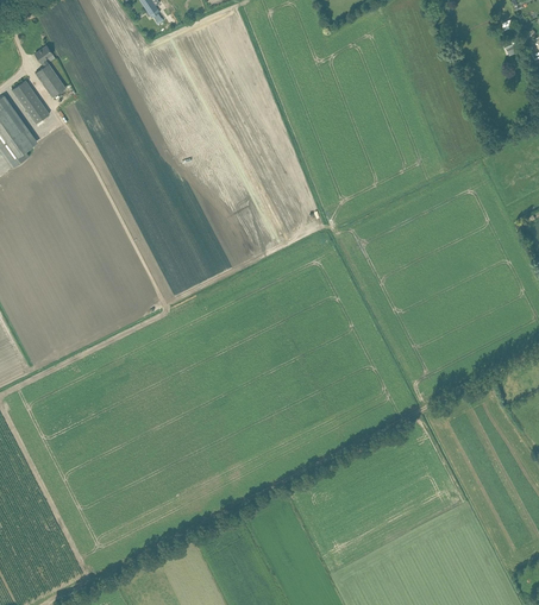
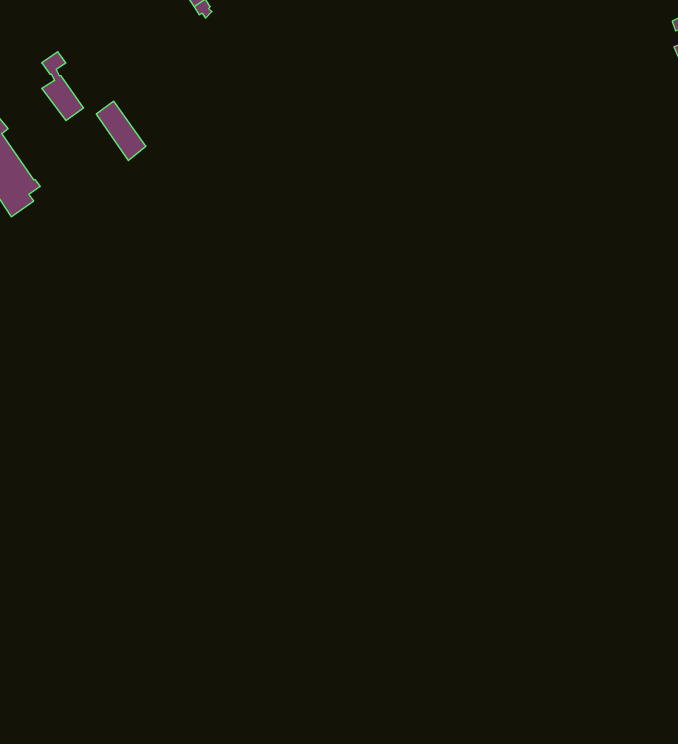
building: [13,80,50,124] -> [96,101,146,161]

